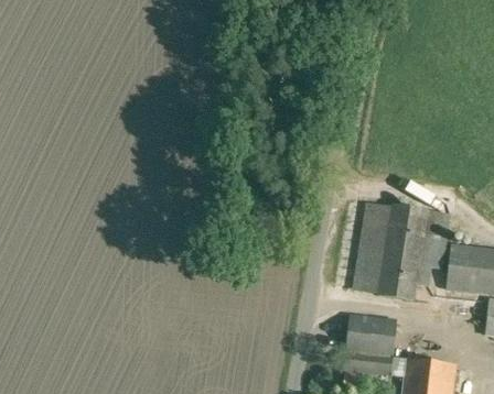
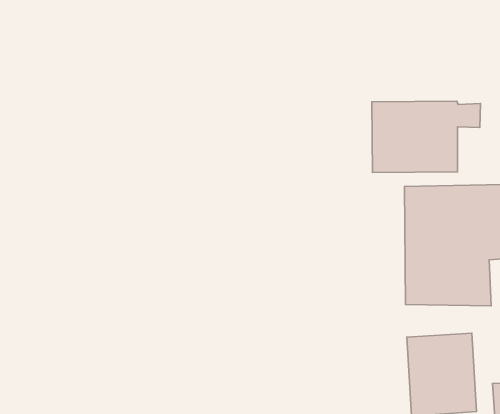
building: none -> [372,101,481,173]

